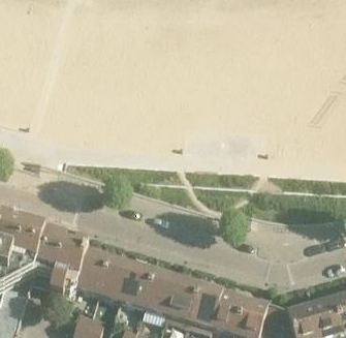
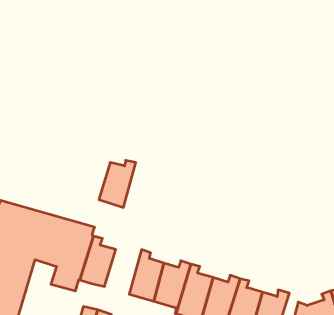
building: [99,258,133,302] -> [99,160,136,207]

